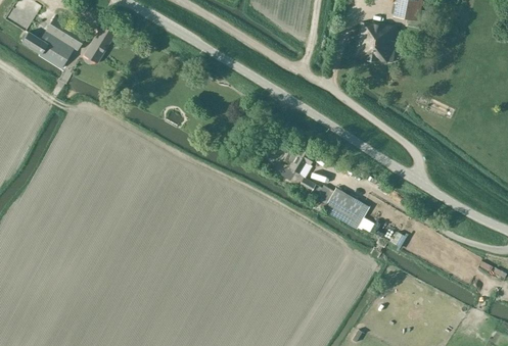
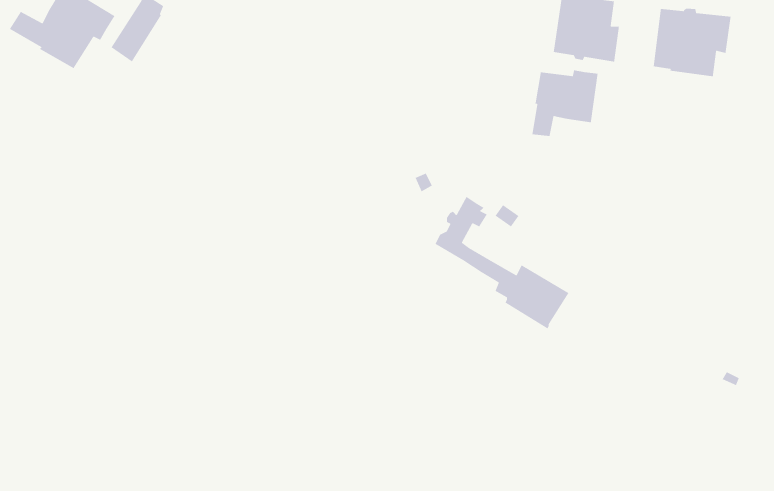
building: none -> [653,8,731,77]
building: none -> [532,70,598,137]

